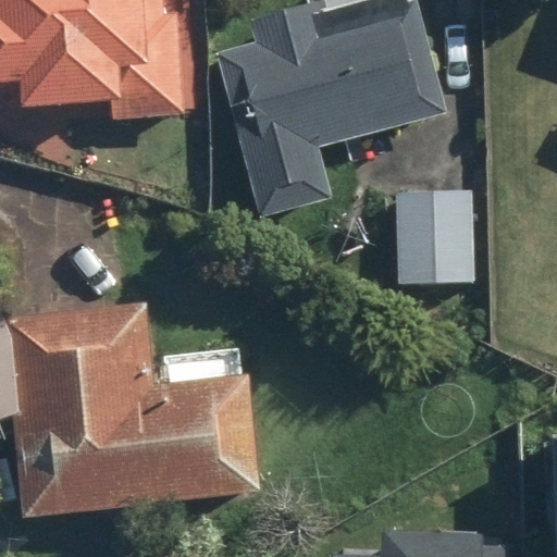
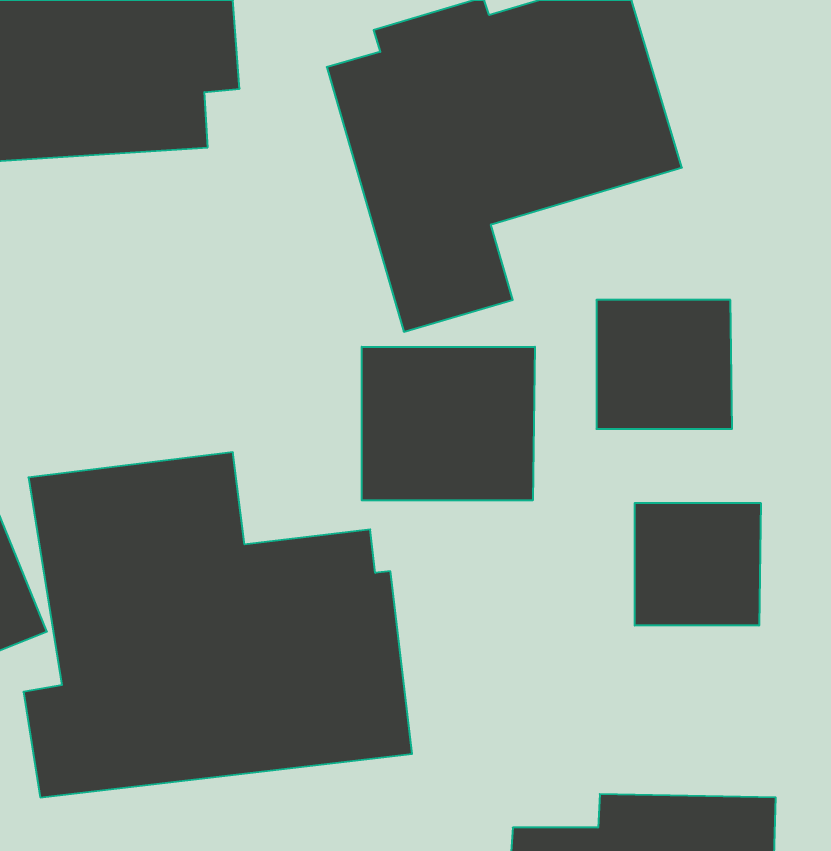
building: none -> [362,347,535,500]
building: none -> [635,503,761,626]

